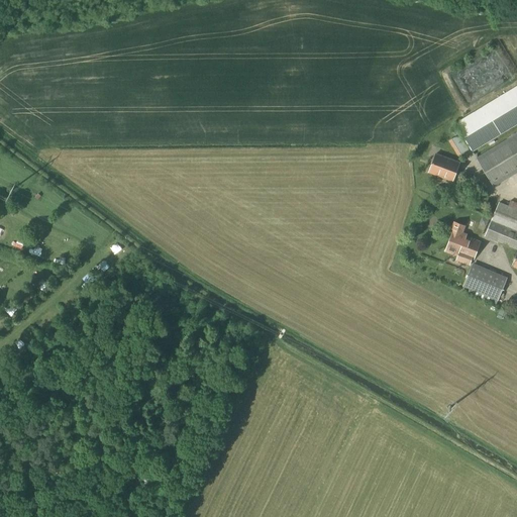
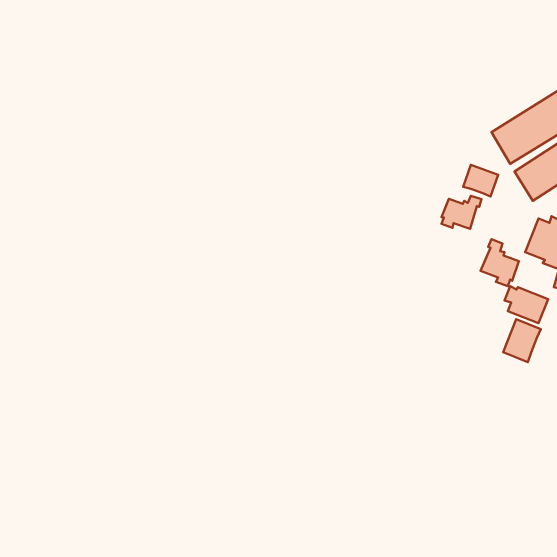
building: none -> [441,196,481,229]
building: none -> [503,319,541,362]

